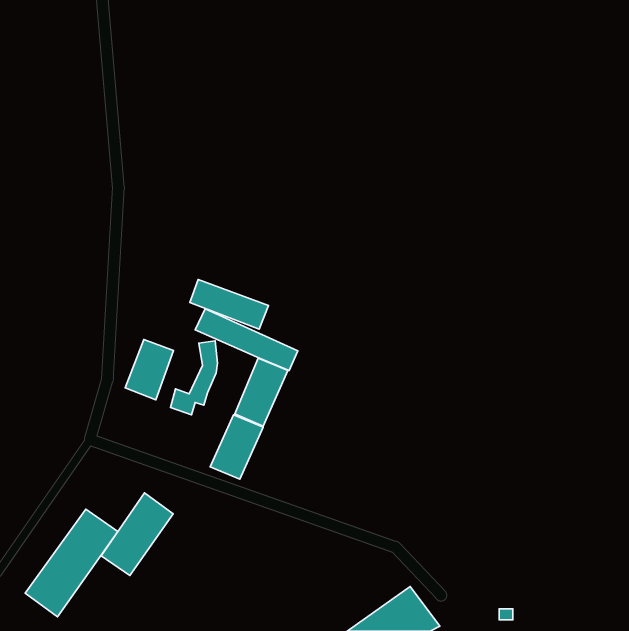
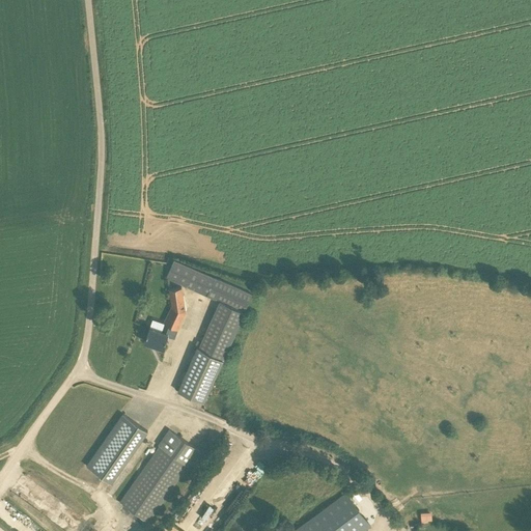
building: [190,279,269,329] -> none
building: [125,339,174,400] -> none
building: [25,509,118,617] -> [118,431,196,522]

